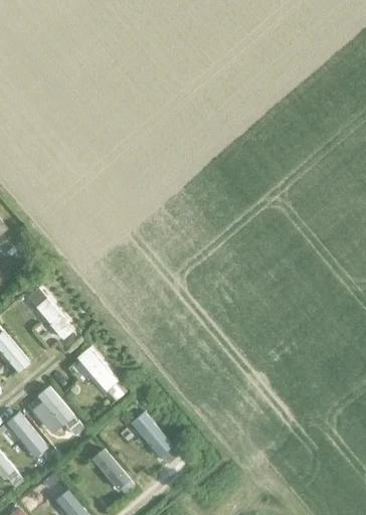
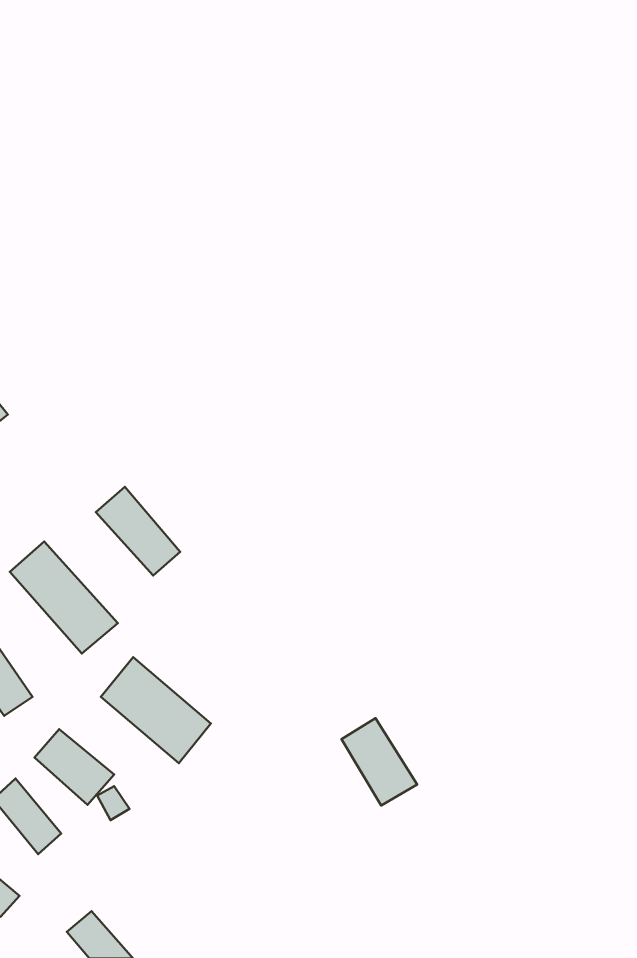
building: none -> [96,487,180,576]
building: [135,416,175,463] -> [341,718,417,805]
building: [90,448,132,493] -> none

